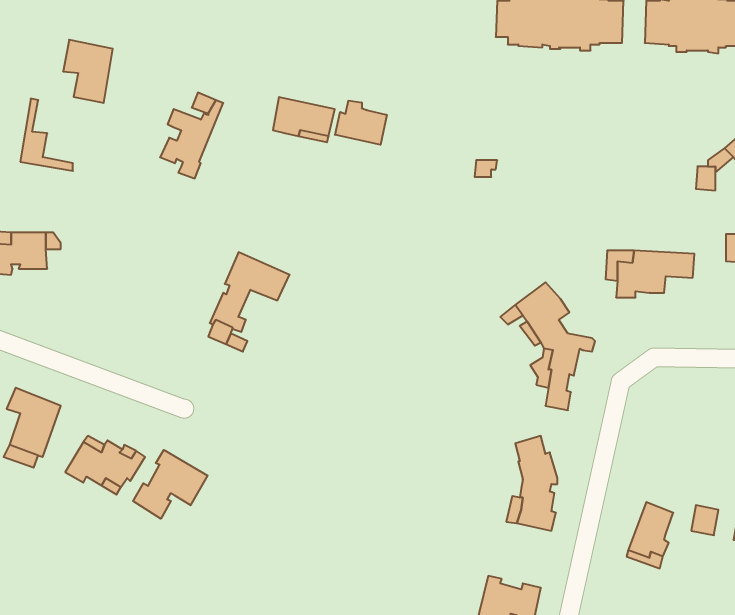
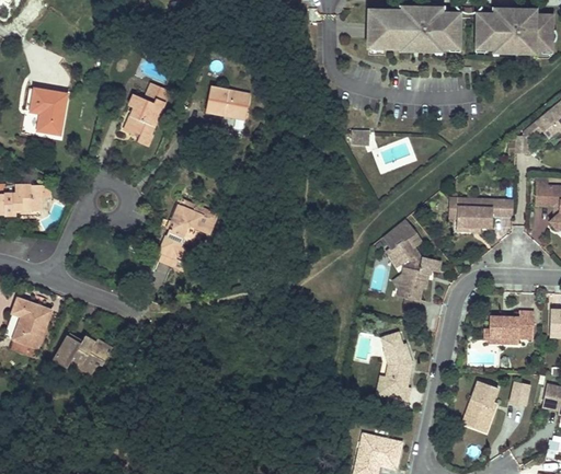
building: [63,40,113,103] -> [31,88,67,134]
building: [335,101,387,145] -> none
building: none -> [483,310,535,343]
building: [133,450,208,519] -> none

